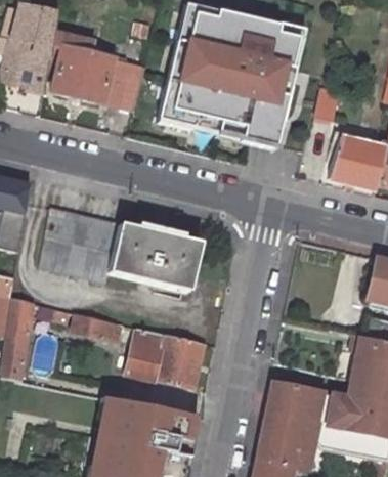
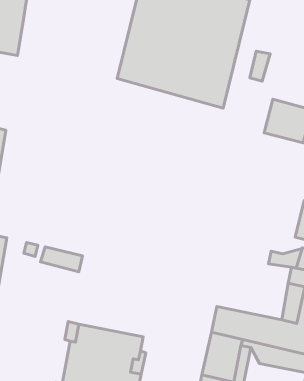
building: [51,34,143,113] -> none
building: [37,207,198,288] -> none
building: [121,324,203,386] -> none

